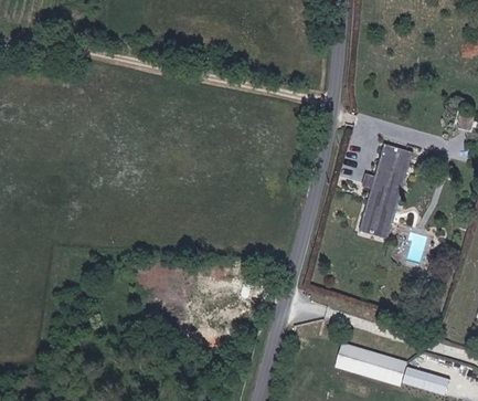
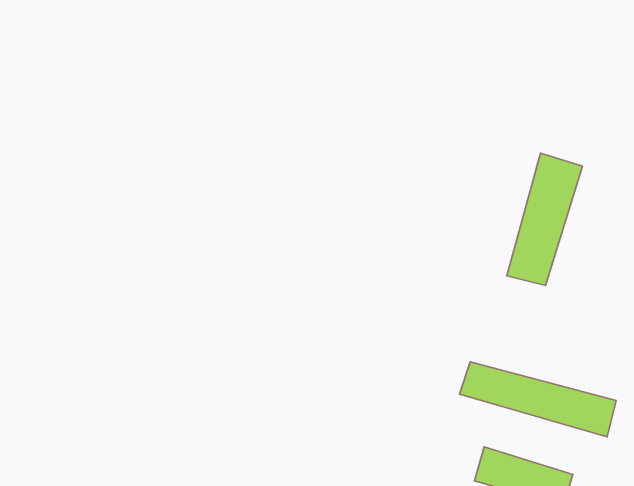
building: none -> [460,362,616,437]

